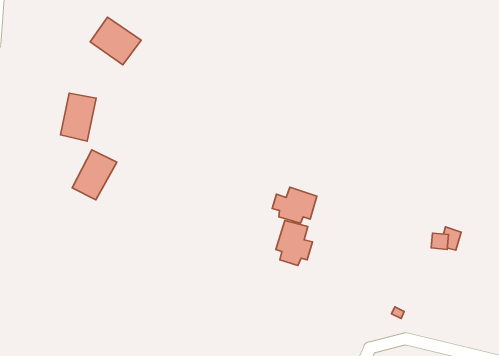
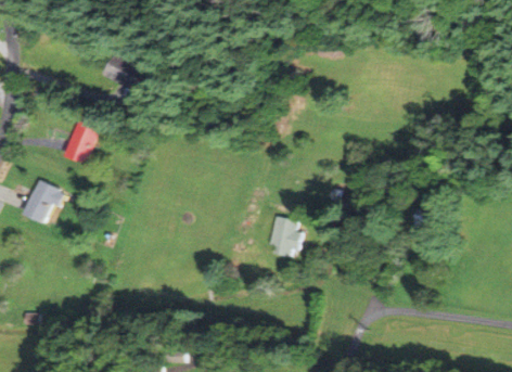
building: [72,150,117,200] -> [25,180,62,223]
building: [272,187,317,223] -> none

